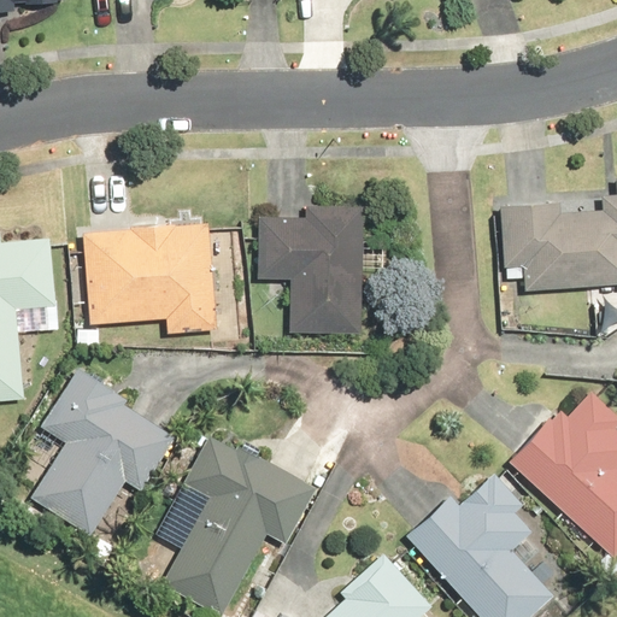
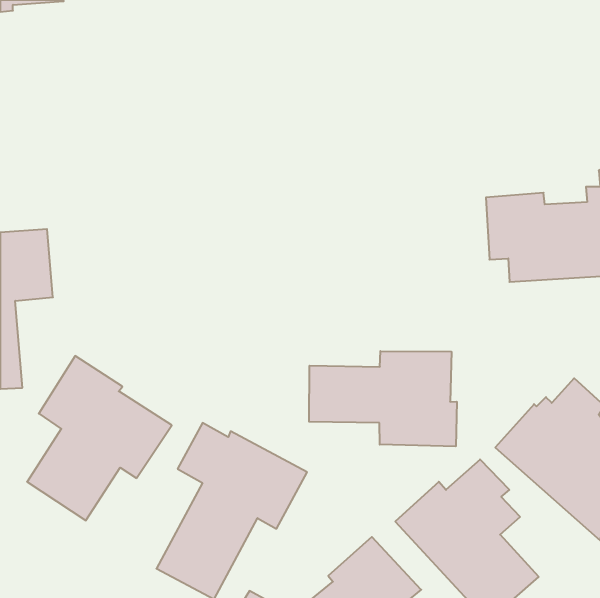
building: [257,205,363,334] -> none
building: [82,222,216,335] -> none
building: none -> [309,351,457,446]

